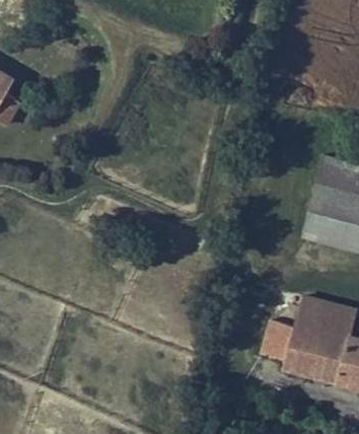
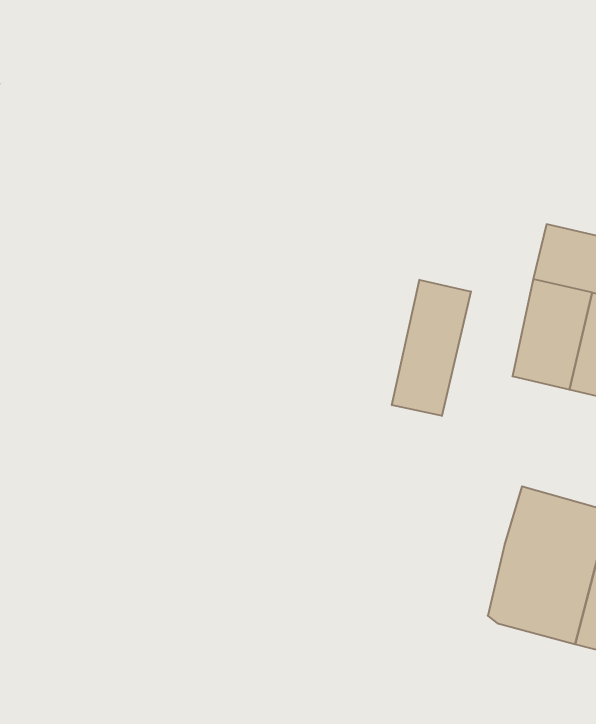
building: none -> [392,280,471,416]
building: [265,324,295,368] -> none

